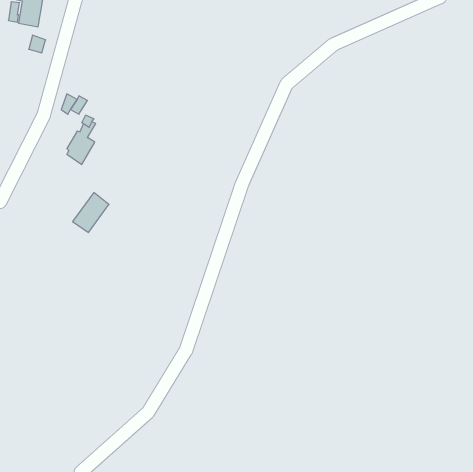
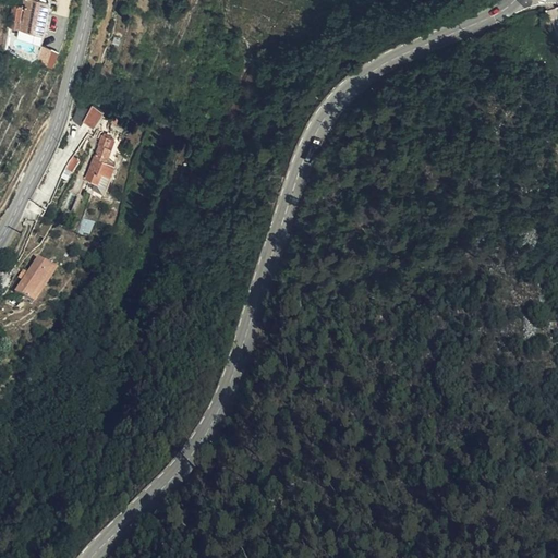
building: [73,193,109,233] -> [16,251,59,298]

